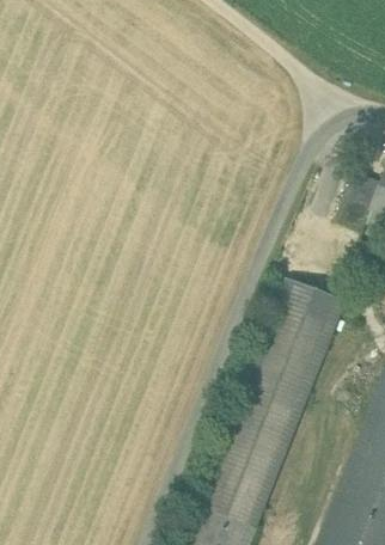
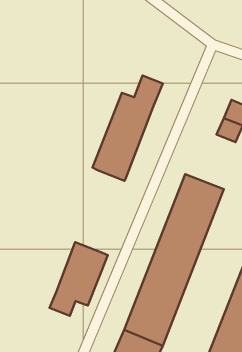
building: none -> [92,75,163,181]
building: none -> [49,242,108,316]

